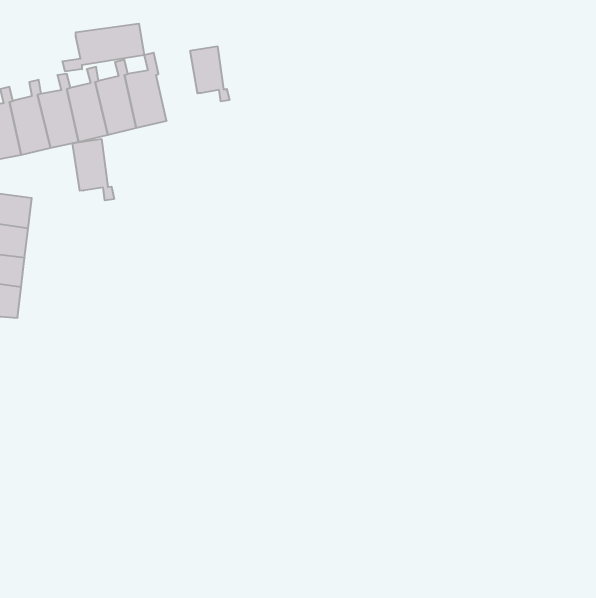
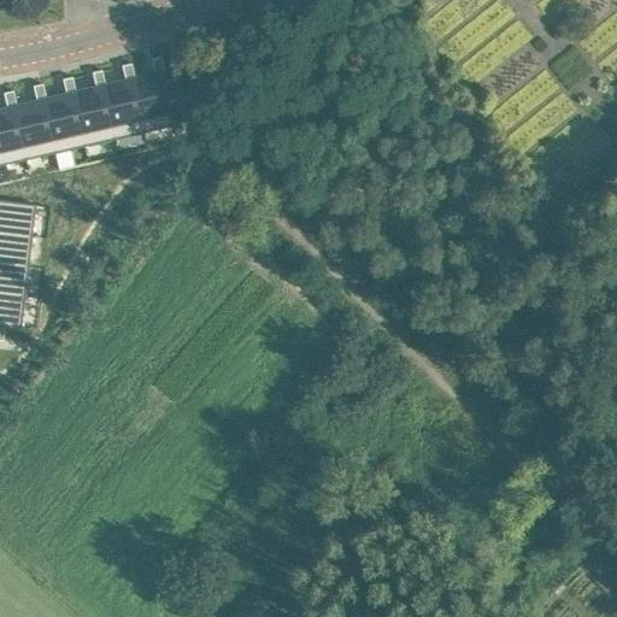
building: [62,24,144,71] -> none
building: [190,46,229,101] -> none
building: [72,139,114,200] -> none

